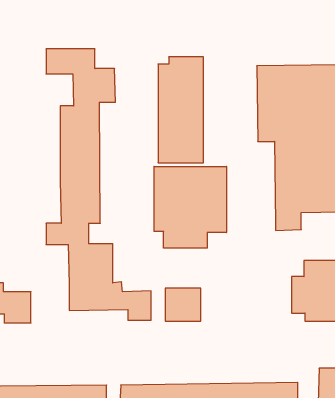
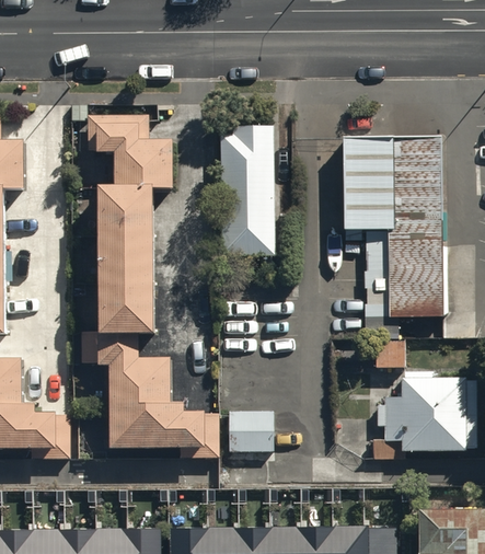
building: [154,166,226,248] -> none

